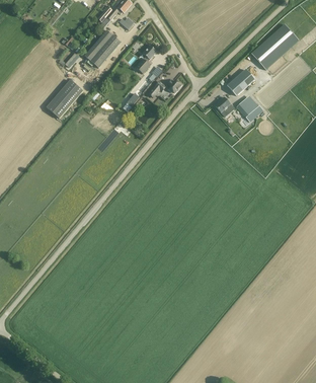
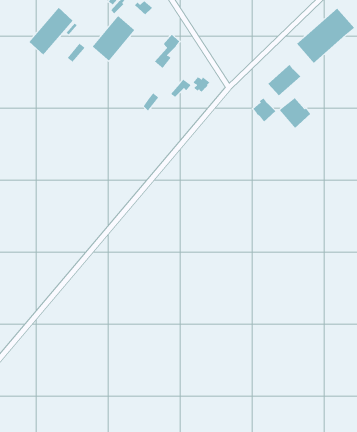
building: [47,79,83,119] -> [29,7,73,56]

